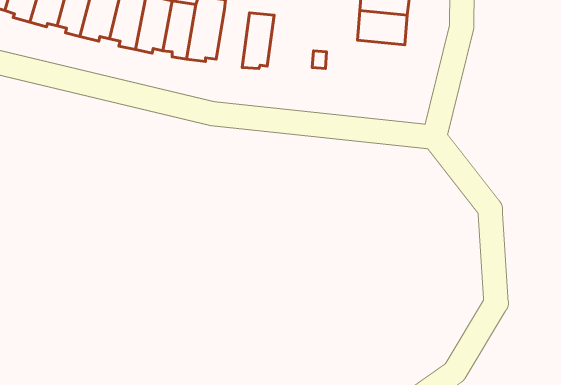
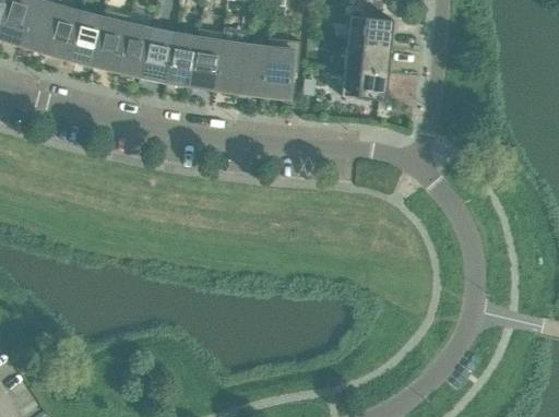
building: none -> [260,38,299,95]
building: none -> [213,40,243,94]
building: none -> [340,69,386,99]

